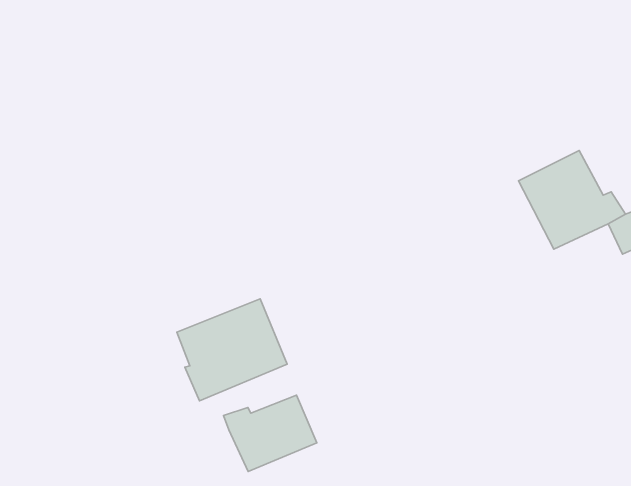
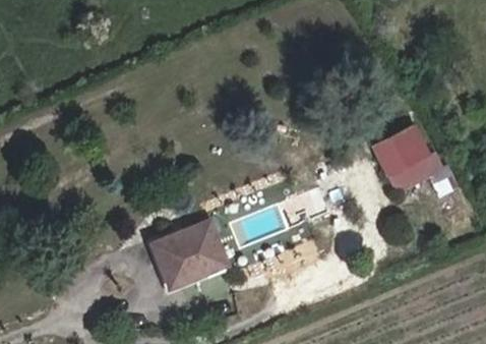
building: [223,395,317,471] -> none

